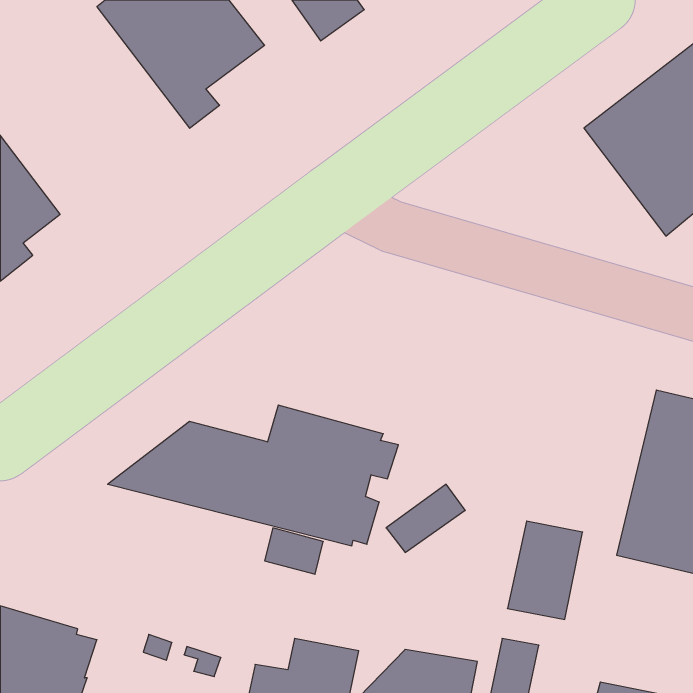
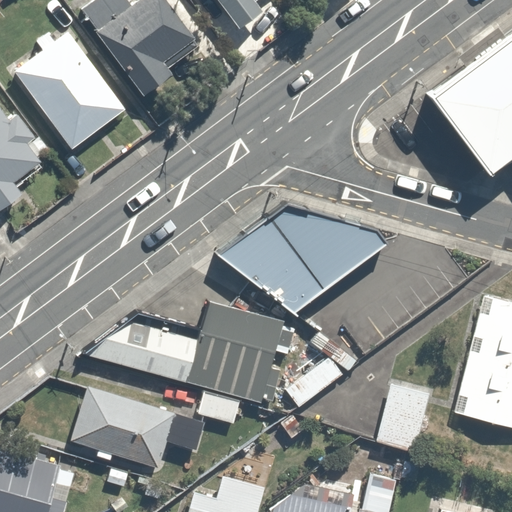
building: none -> [9,27,126,149]
building: none -> [222,207,389,317]
building: none -> [70,385,204,468]

